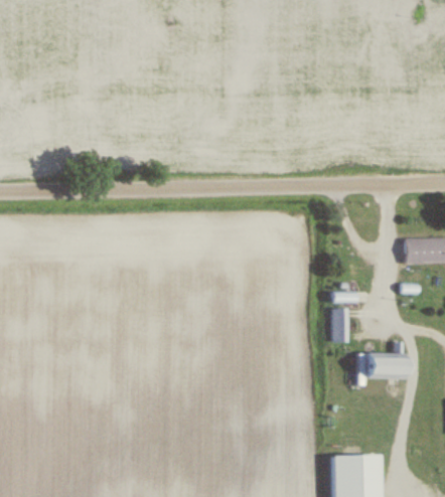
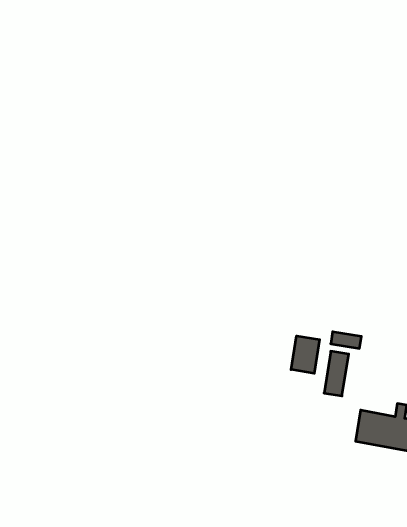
building: none -> [291,336,320,373]

